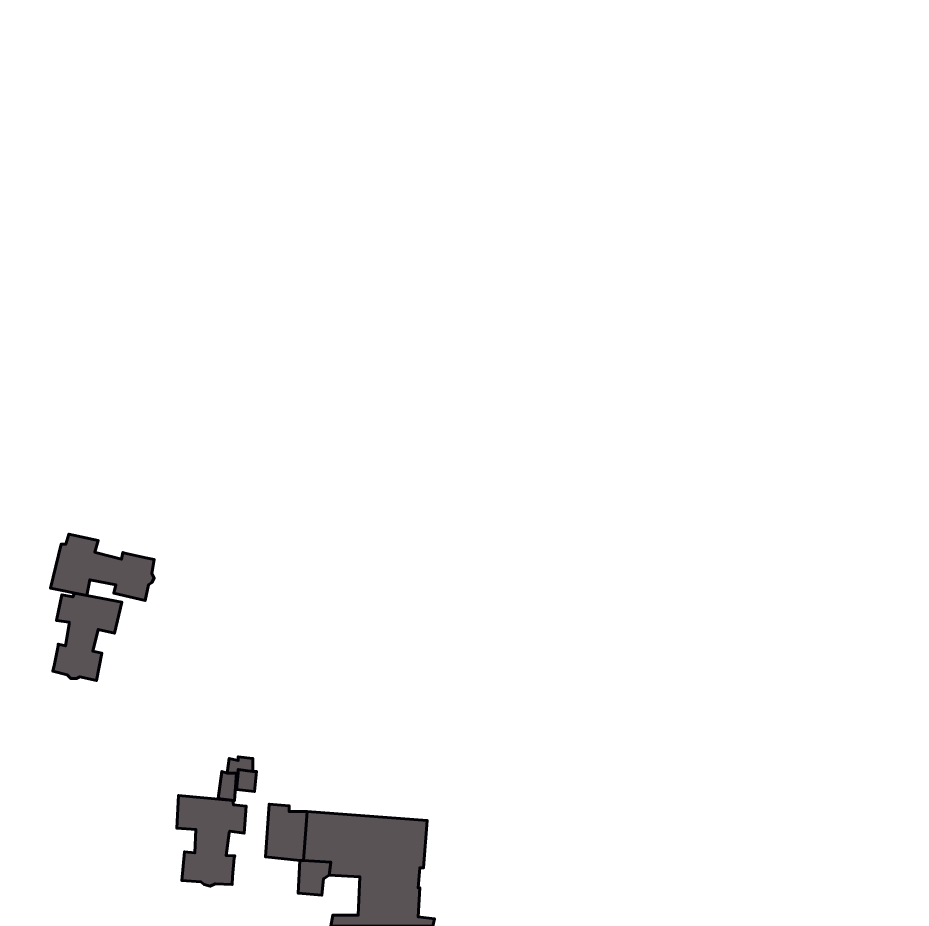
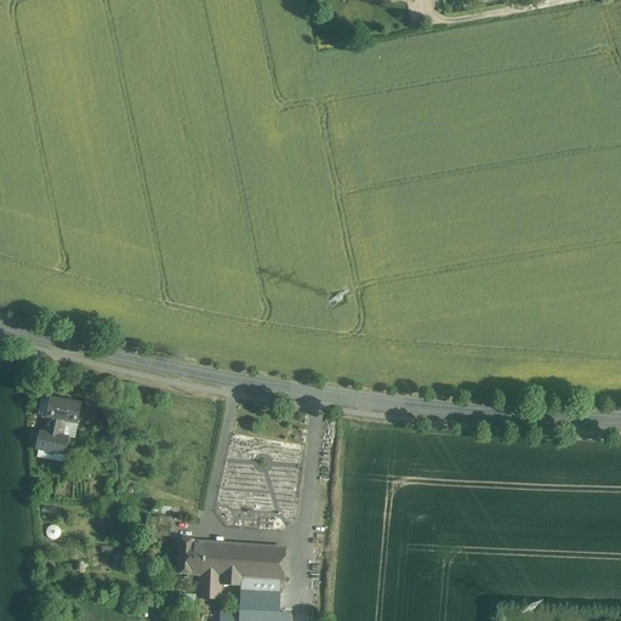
building: [51,534,154,600] -> none
building: [177,796,246,886] -> none

